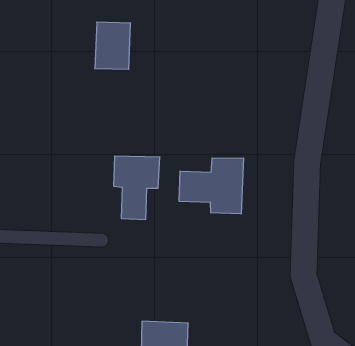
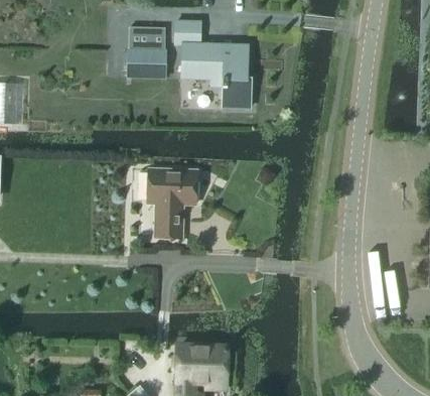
building: none -> [174,20,251,106]
building: [179,158,243,214] -> none

